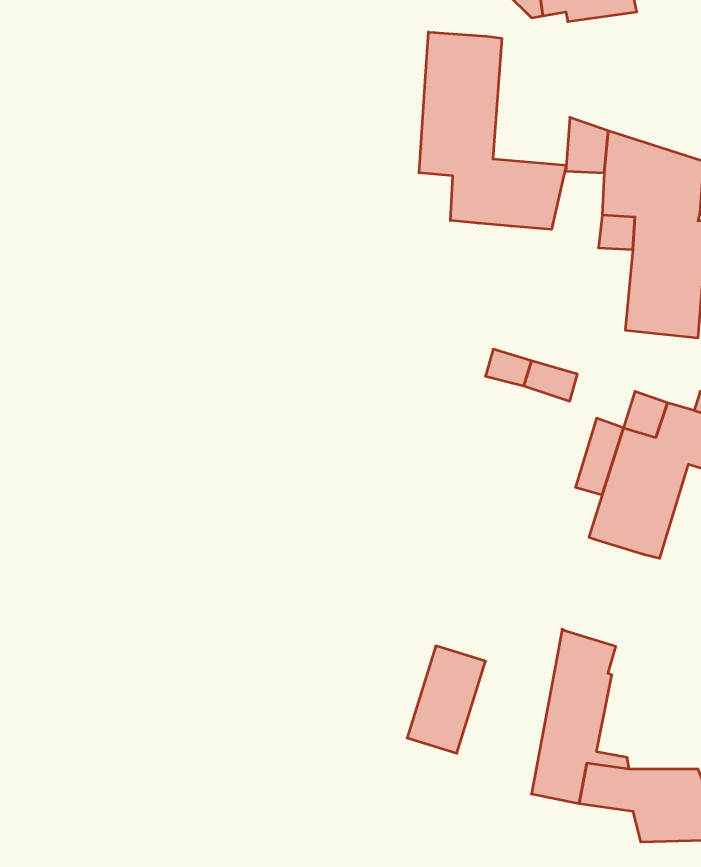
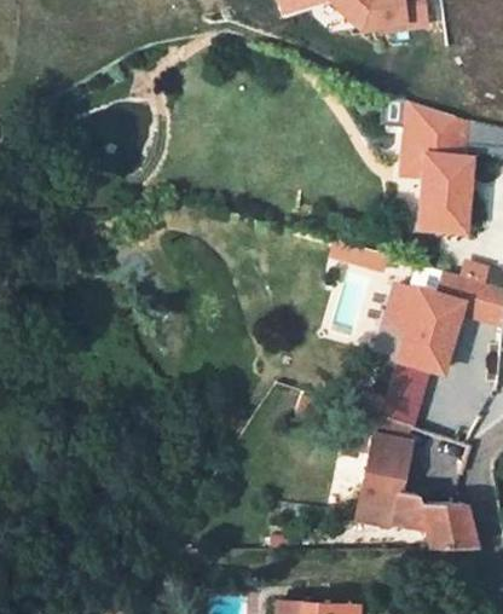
building: [419,32,566,229] -> none
building: [407,646,486,753] -> [381,359,430,427]

